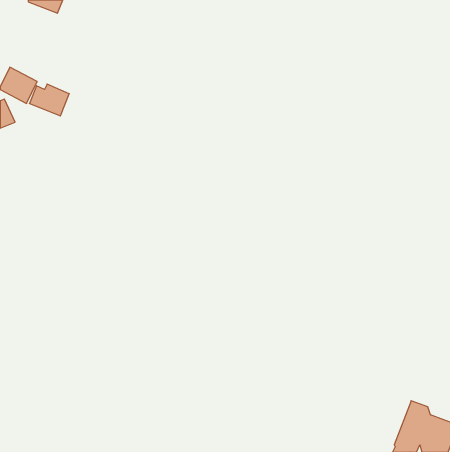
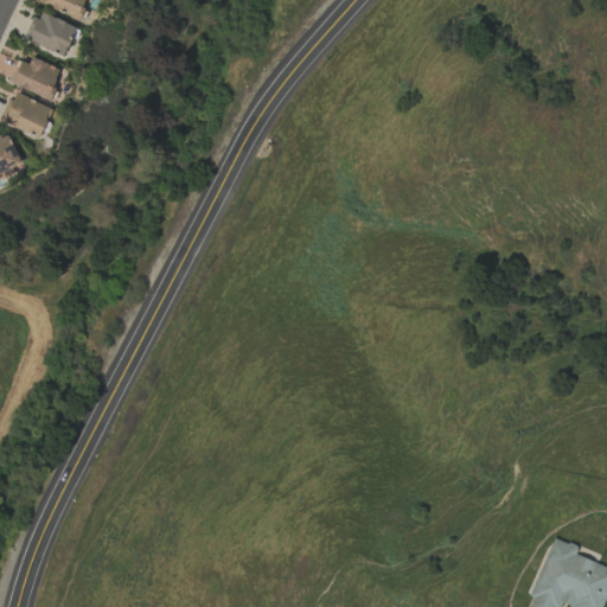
building: none -> [26,11,77,56]
building: [29,84,69,116] -> [9,57,63,100]

